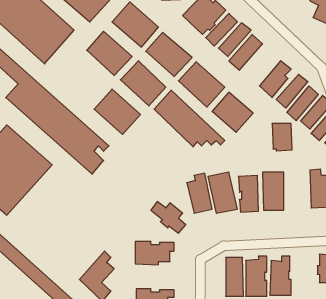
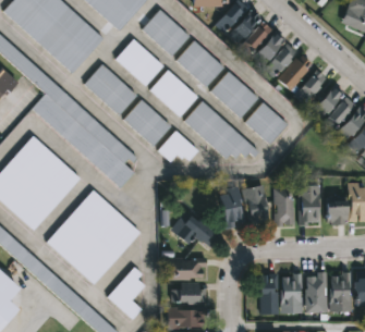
building: none -> [277,54,314,91]
building: none -> [84,64,136,114]
building: none -> [158,130,198,161]
building: [272,124,292,151] -> [326,197,346,225]
building: none -> [47,190,138,283]
building: none -> [330,270,351,311]
building: none -> [177,283,205,304]

